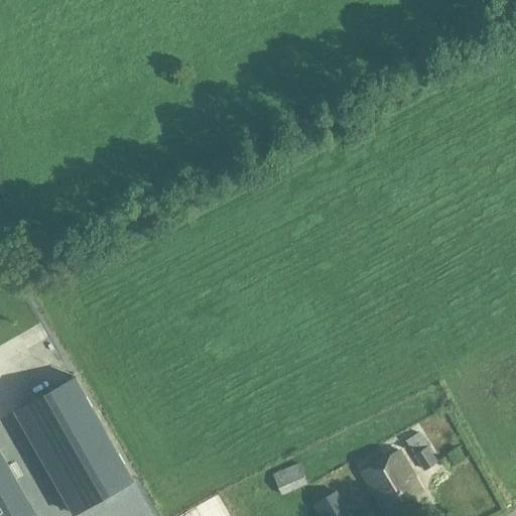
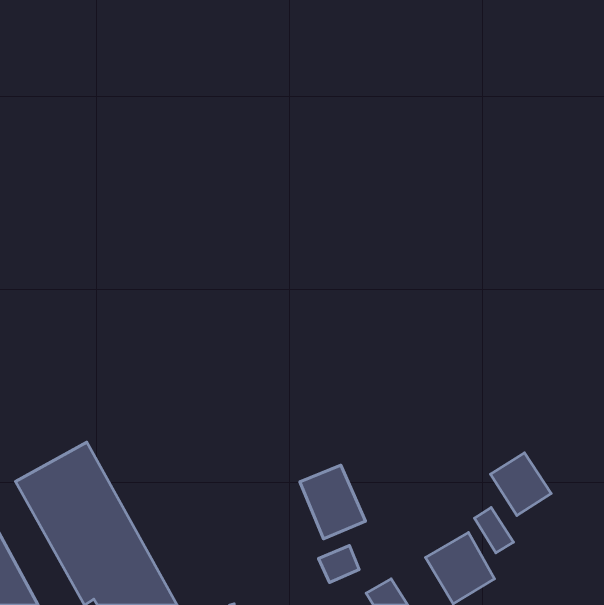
building: none -> [490,453,551,516]
building: none -> [300,465,365,539]

